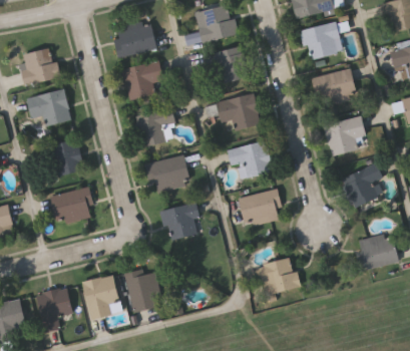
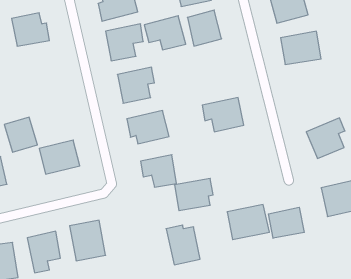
building: [27,90,70,125] -> none
building: [216,93,261,130] -> [144,16,186,50]
building: [323,116,366,156] -> none
building: [47,139,83,178] -> [4,117,37,152]
building: [239,190,281,225] -> [174,178,213,211]
building: none -> [268,207,304,238]
building: [124,270,161,313] -> [166,225,200,265]

